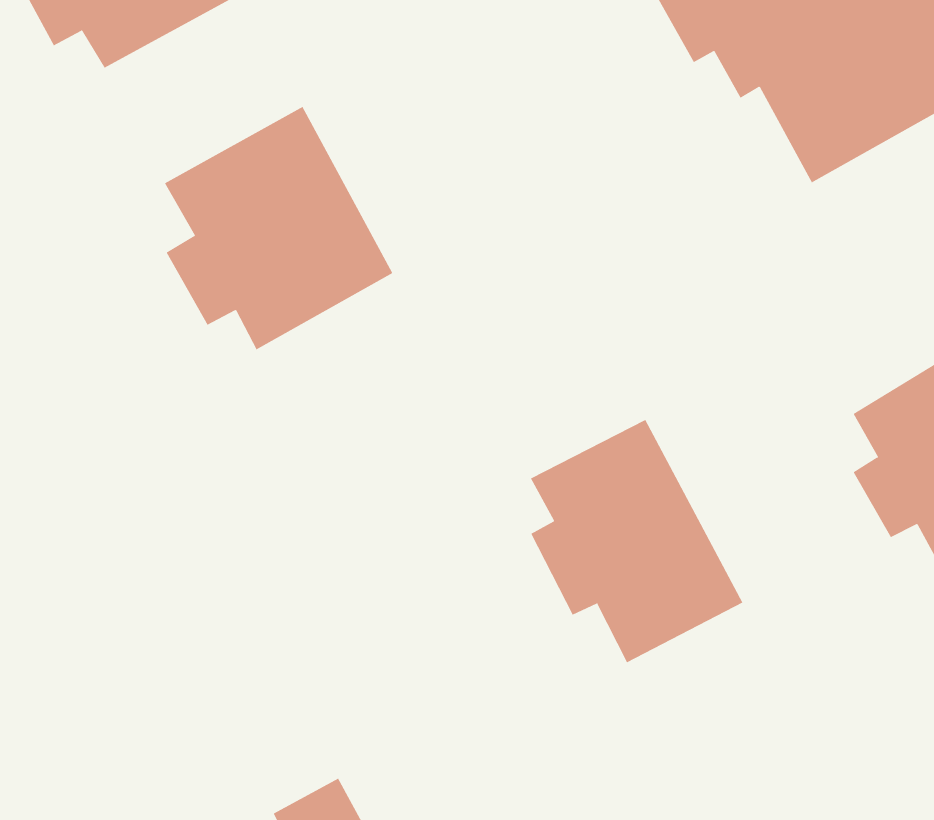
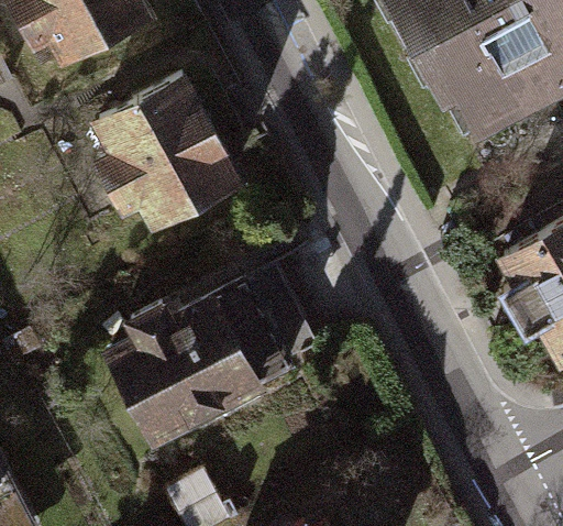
building: [530,419,743,663] -> none
building: none -> [109,270,318,439]

